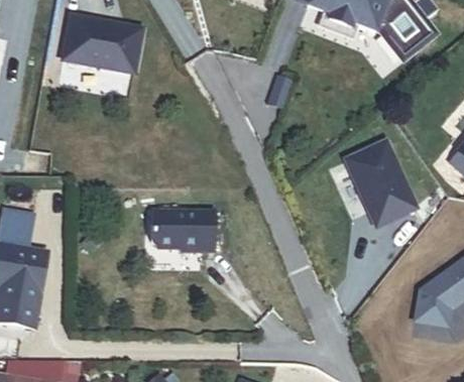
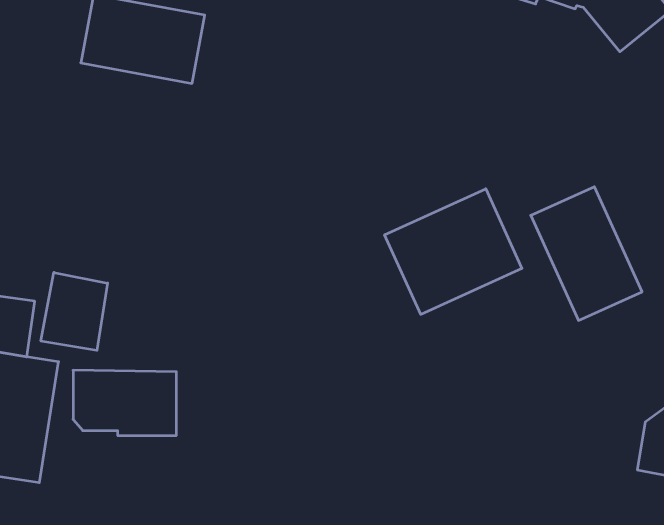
building: none -> [385,189,522,314]
building: none -> [41,272,108,350]
building: [149,205,215,246] -> [73,370,176,435]

